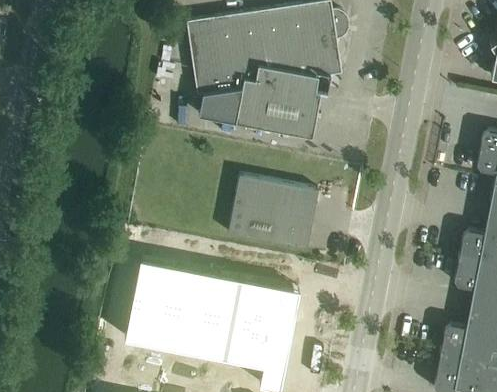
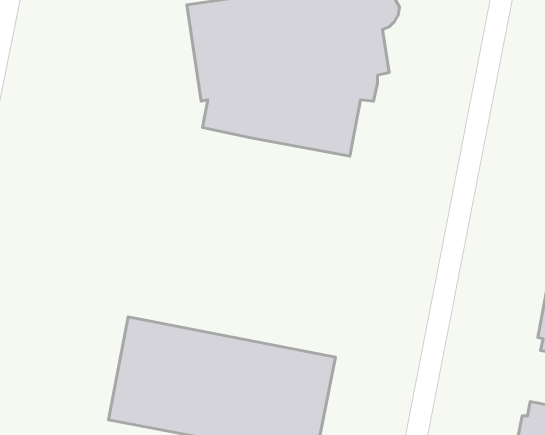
building: [228,177,318,251] -> none

